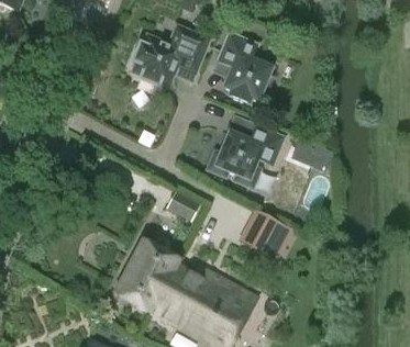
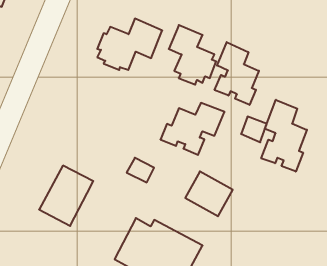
building: none -> [215,42,259,105]
building: none -> [261,100,307,172]
building: [115,240,180,313] -> [39,166,93,226]

